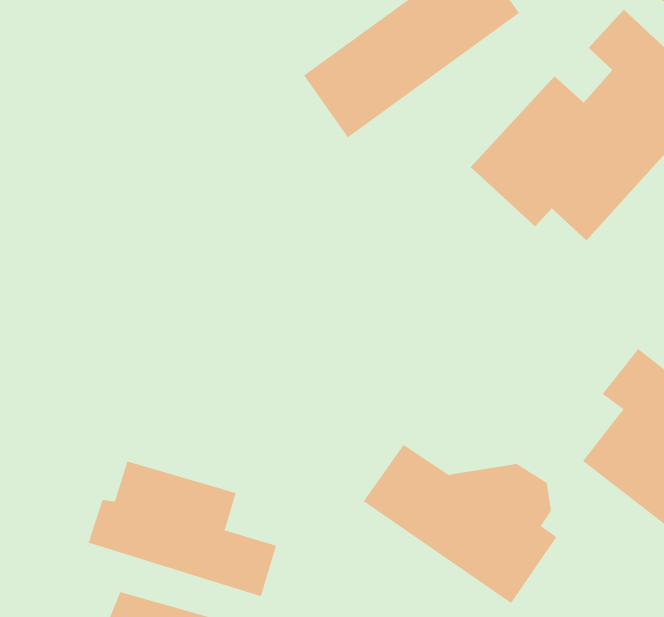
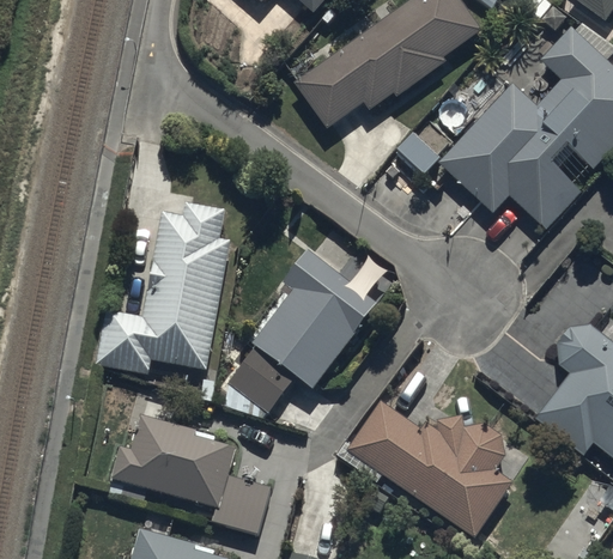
building: none -> [102,196,236,373]
building: none -> [225,254,378,409]

